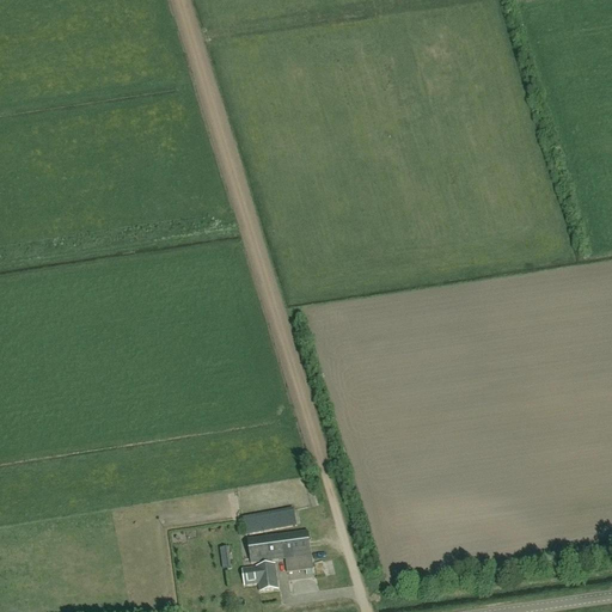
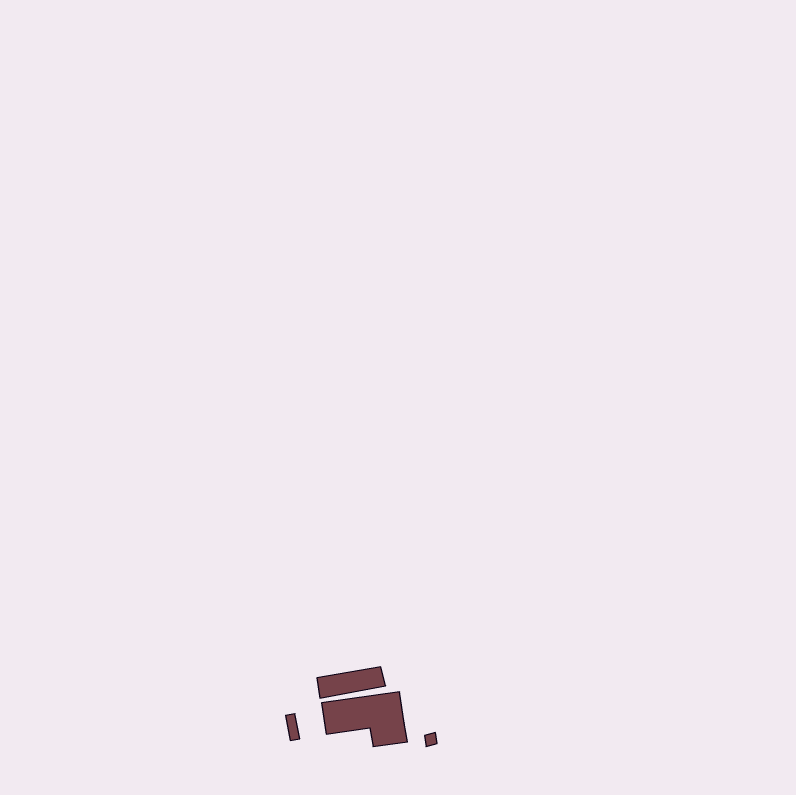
building: [241,564,277,590] -> none

